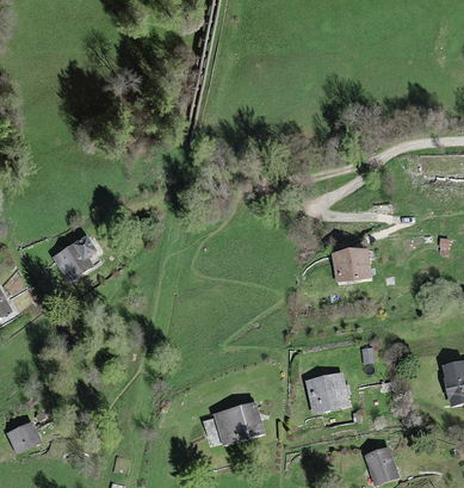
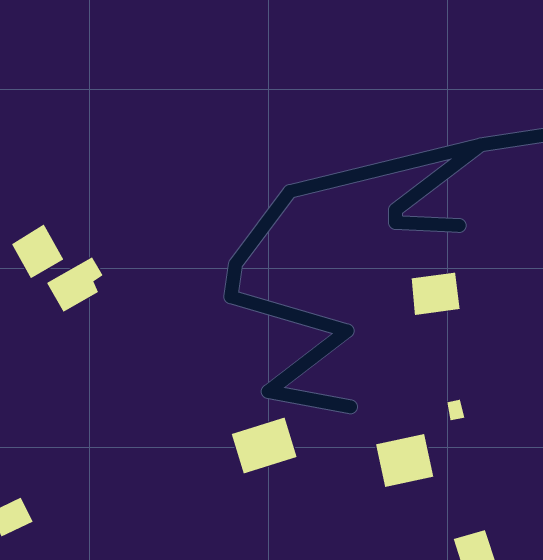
building: none -> [11,224,64,279]
building: [214,401,265,445] -> [231,417,298,474]

